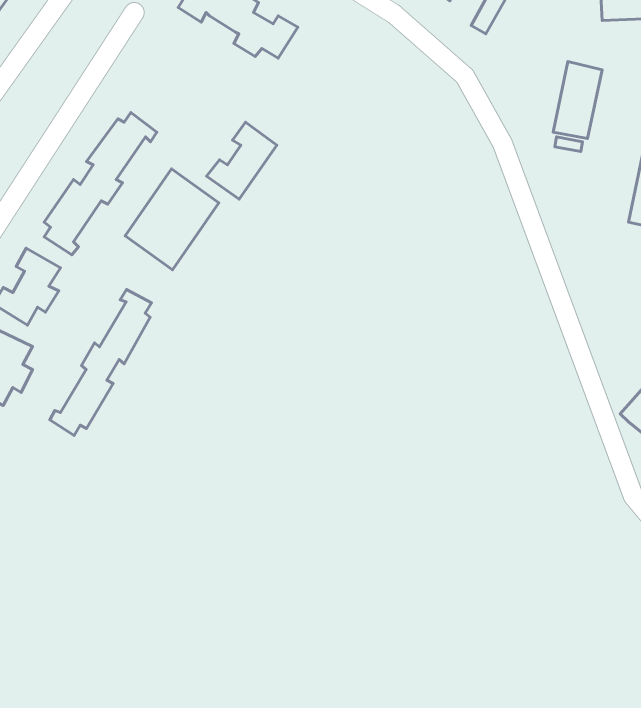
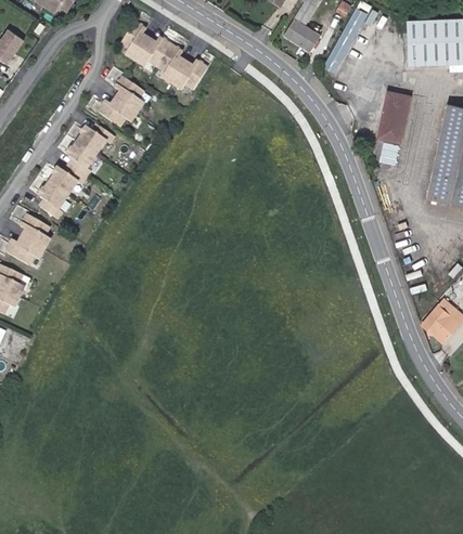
building: [206,122,277,199] -> [98,77,144,128]
building: [125,169,219,270] -> none
building: [50,290,152,435] -> none

